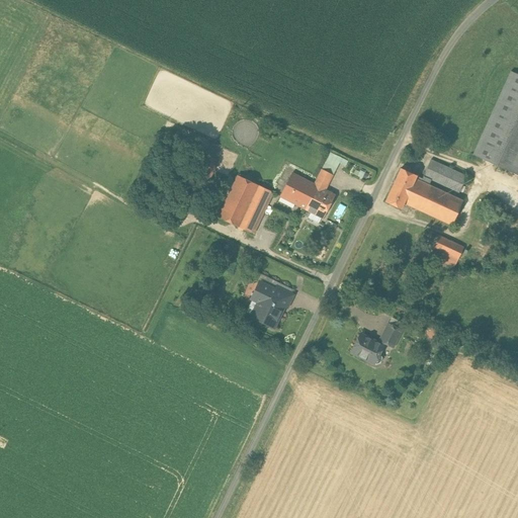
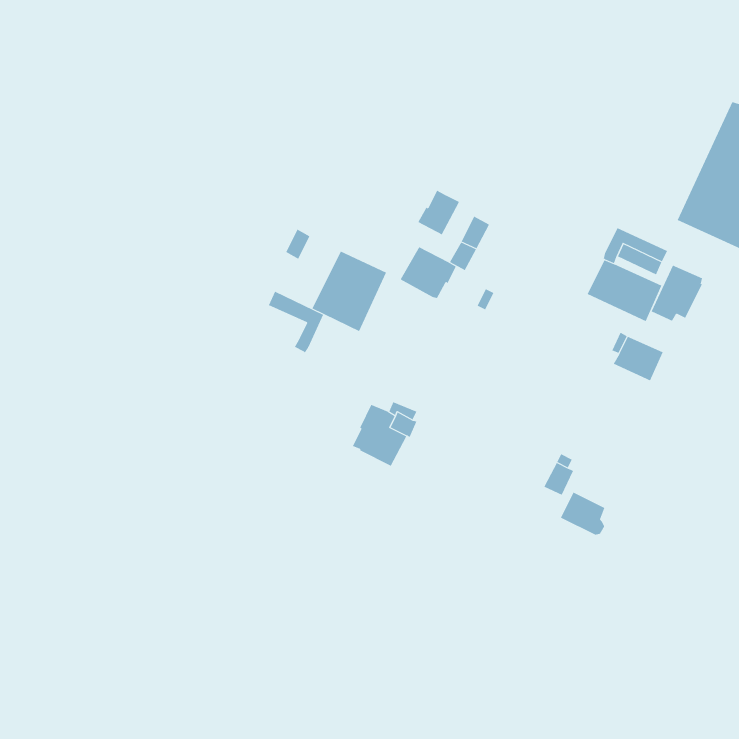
building: [386,168,423,207] -> [651,265,703,321]
building: [307,183,336,218] -> [418,186,460,235]
building: none -> [268,291,324,353]
building: [352,333,383,363] -> [560,492,605,535]

